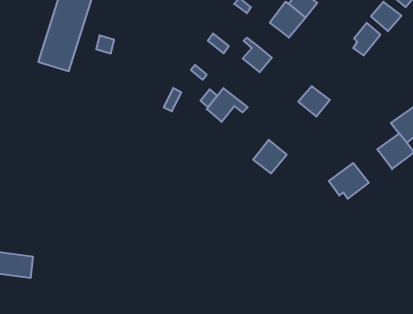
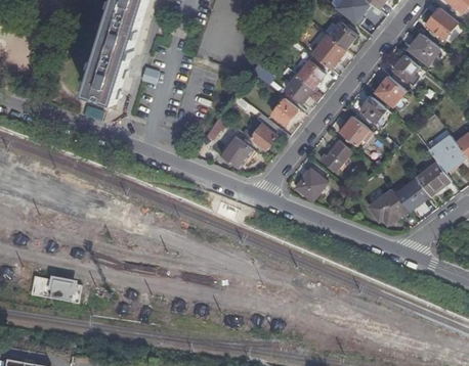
building: none -> [295,61,324,89]
building: none -> [374,77,404,106]
building: none -> [269,98,296,126]
building: none -> [358,98,390,128]
building: none -> [219,137,254,170]
building: none -> [319,140,350,173]
building: none -> [394,180,428,213]

